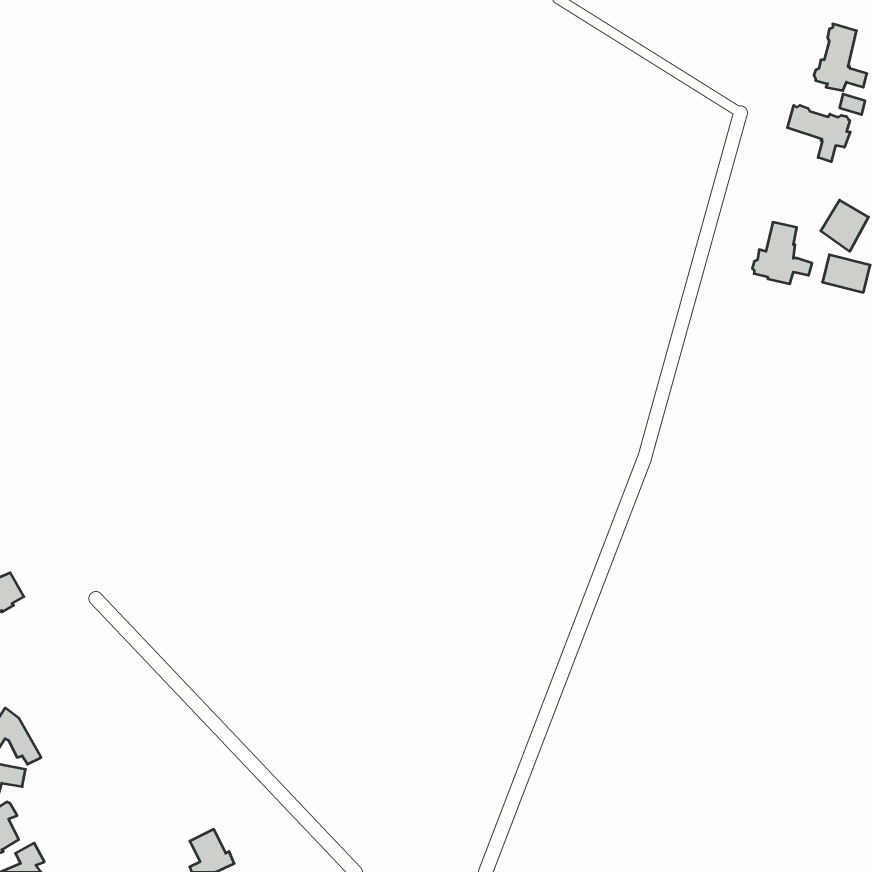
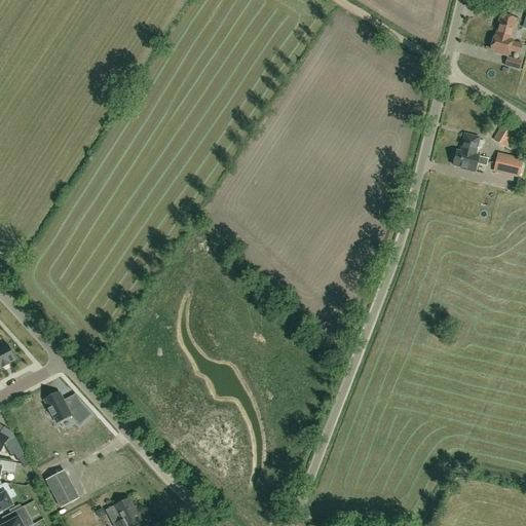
building: [787,105,850,162] -> none
building: none -> [45,392,91,424]
building: none -> [45,471,78,508]

